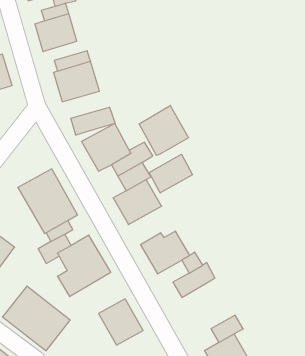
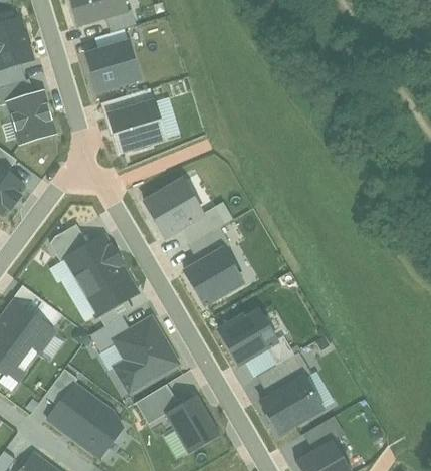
building: [139,105,189,155] -> none
building: [71,107,115,135] -> none
building: [149,154,193,193] -> none
building: none -> [50,223,87,258]
building: none -> [257,372,324,434]
building: none -> [134,383,184,423]

